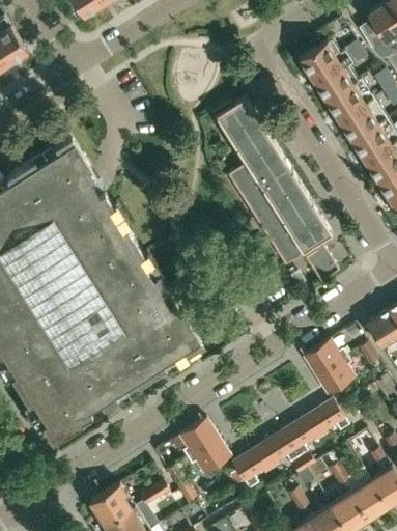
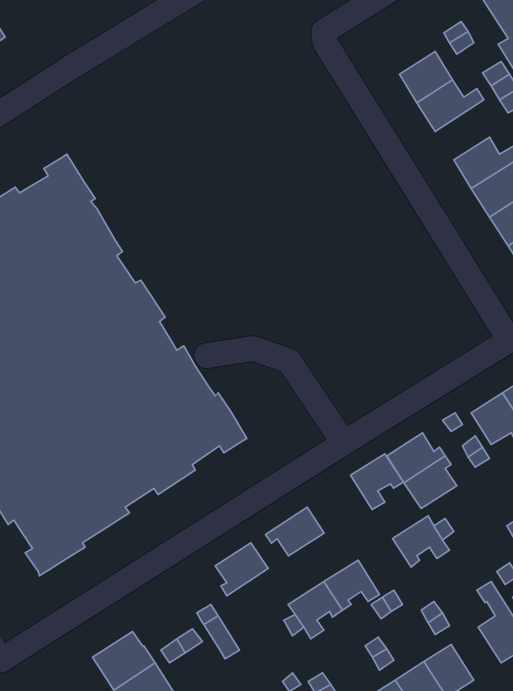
building: [300,43,339,80] -> none
building: [212,99,339,281] -> none
building: [339,99,379,142] -> none
building: [283,417,321,457] -> [351,454,403,509]
building: [188,439,230,474] -> [266,507,324,556]
building: [350,481,387,520] -> none

